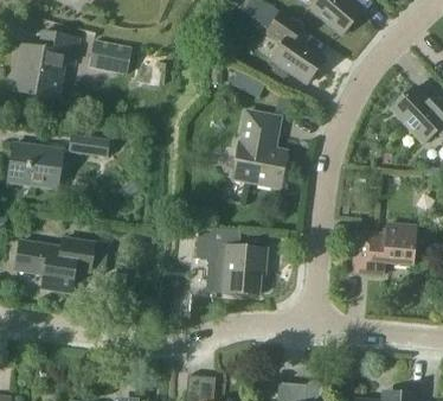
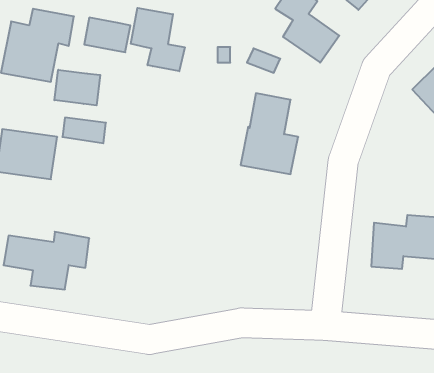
building: none -> [131,8,185,71]
building: none -> [54,70,100,105]
building: [197,230,267,293] -> none

